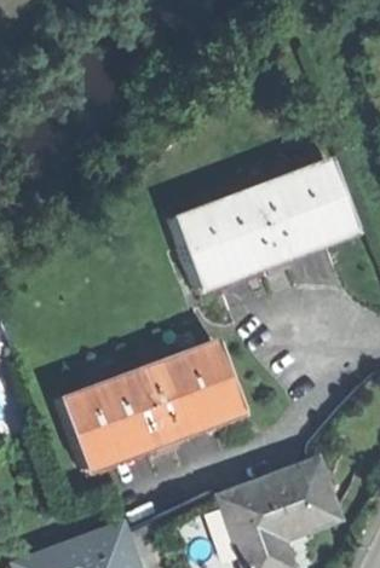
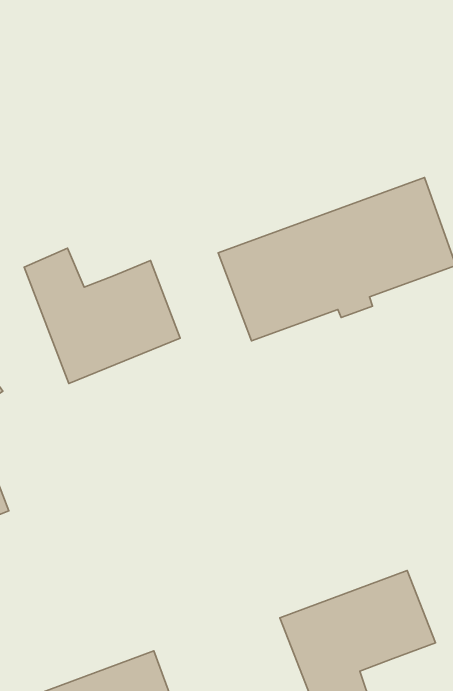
building: none -> [24,248,180,384]
building: [61,337,246,466] -> none

